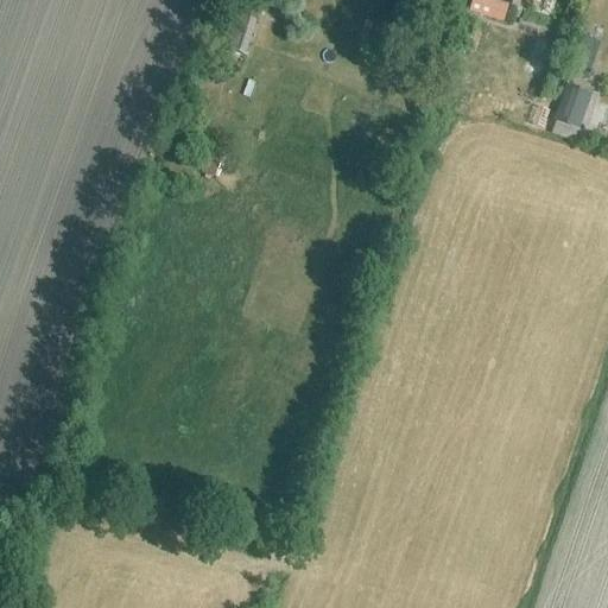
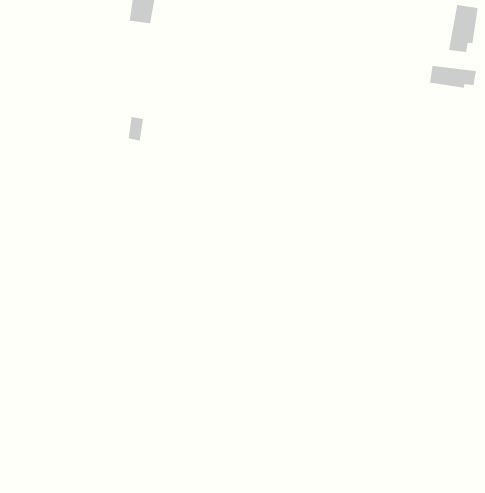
building: none -> [429,65,476,88]

